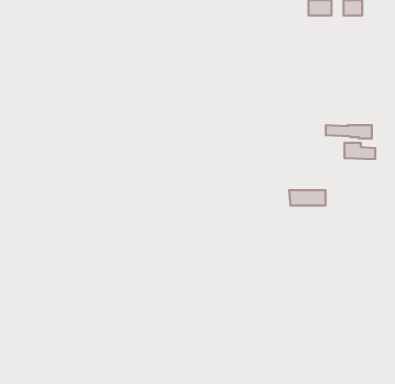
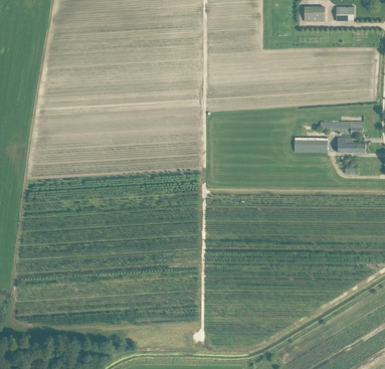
building: [289,190,325,206] -> [294,138,327,152]

